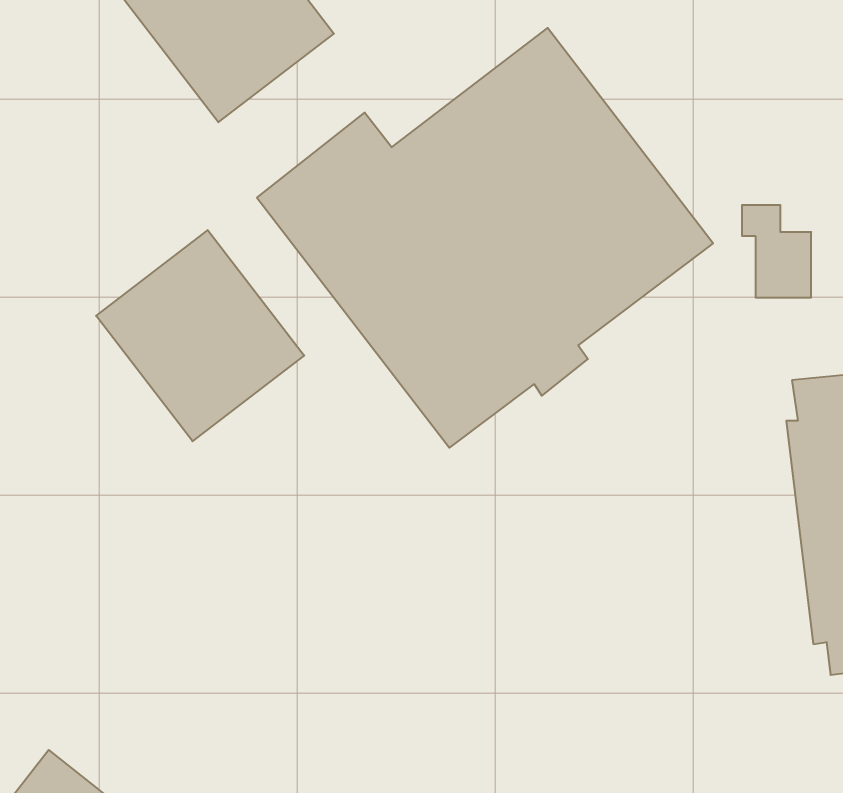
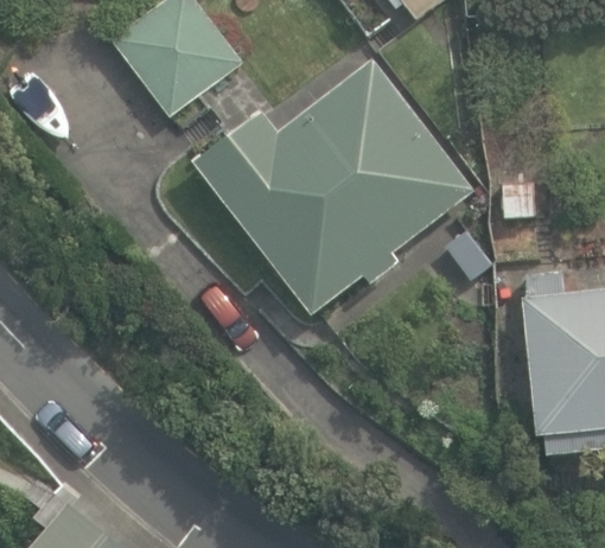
building: [96,230,304,441] -> none

